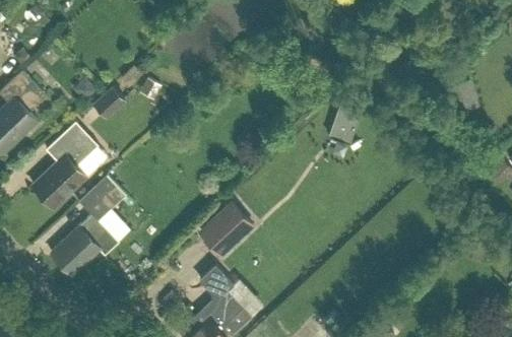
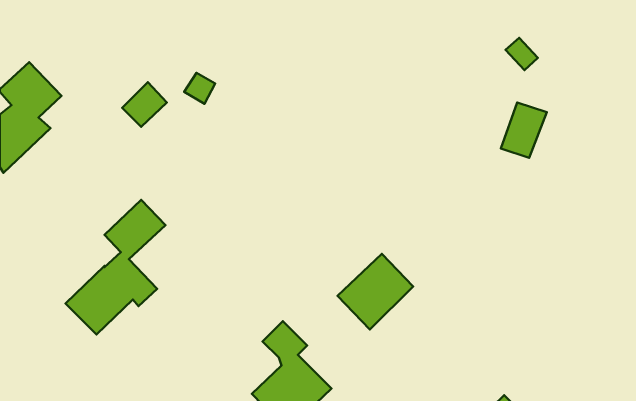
building: [327,103,362,144] -> [501,103,547,158]
building: [31,123,99,209] -> none
building: [198,202,255,259] -> [337,254,413,330]

